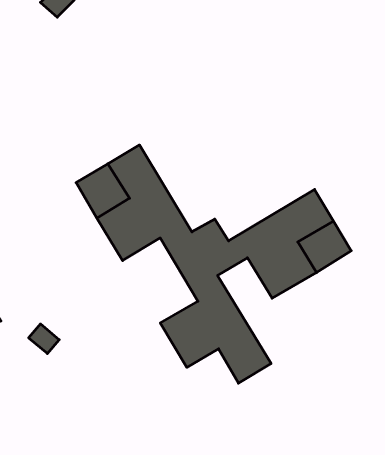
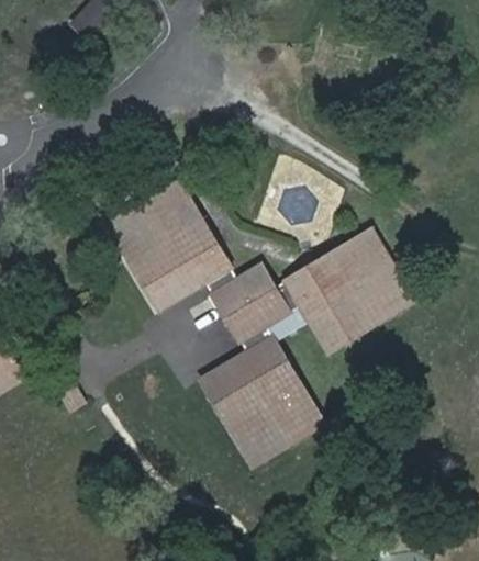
building: none -> [231,406,288,464]

